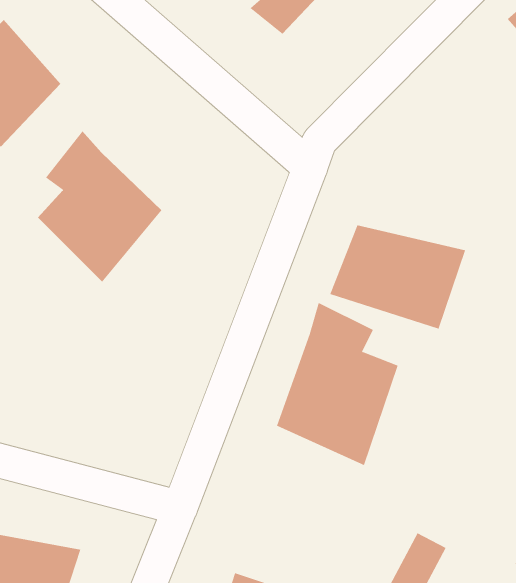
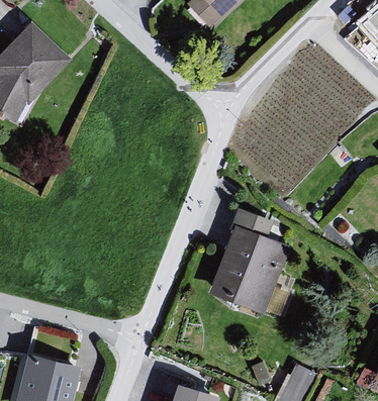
building: [37,130,162,282] -> none
building: [329,224,466,329] -> none

